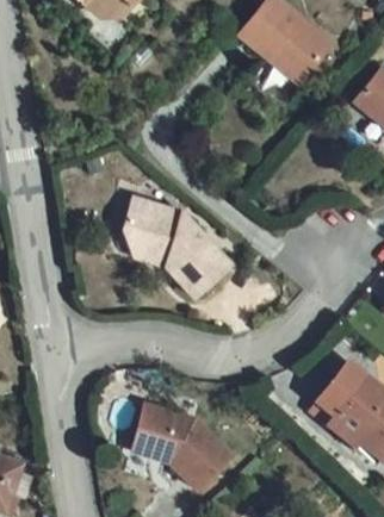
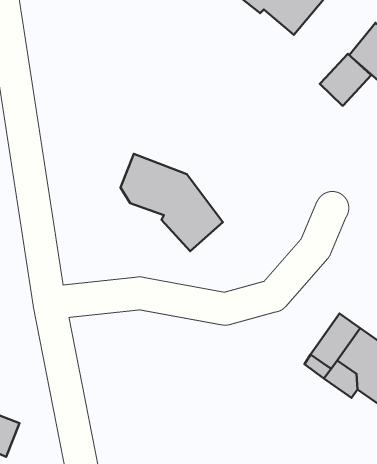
building: none -> [320,54,371,105]
building: [134,399,237,482] -> none

